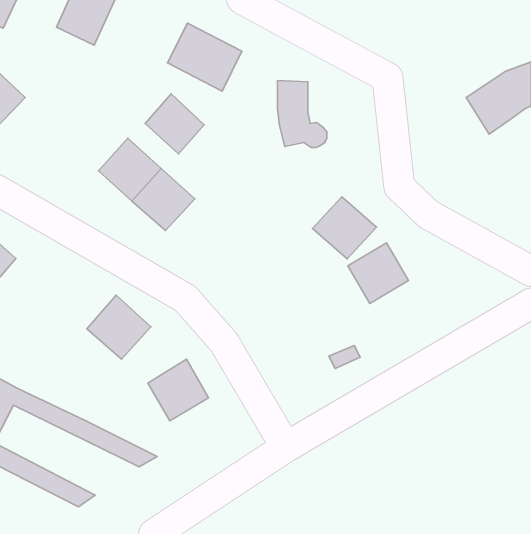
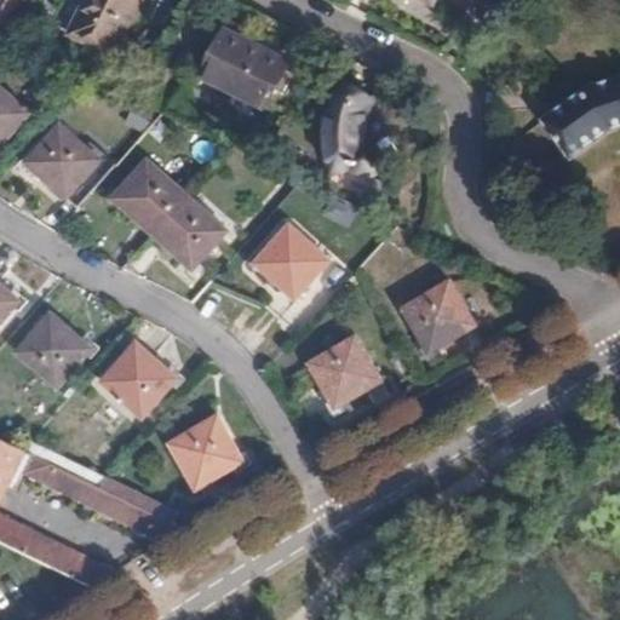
building: [145,94,204,154] -> none
building: none -> [25,124,99,195]
building: [313,197,376,259] -> [254,224,328,295]
building: none -> [17,314,91,386]
building: none -> [308,335,379,406]

